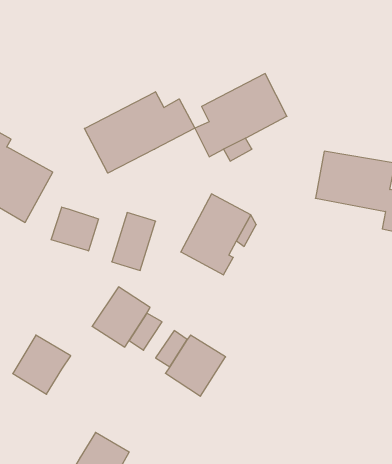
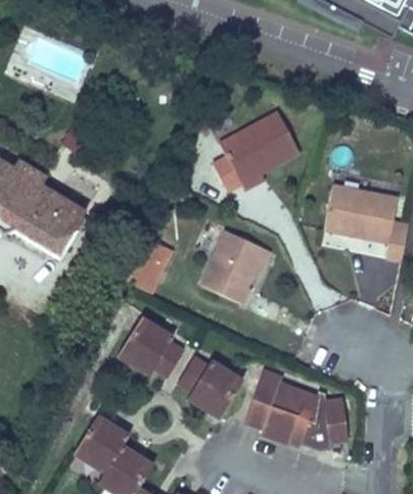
building: [84,92,195,173] -> none
building: [51,207,98,251] -> none
building: [13,335,71,394] -> [75,416,129,472]
building: none -> [244,364,347,444]

